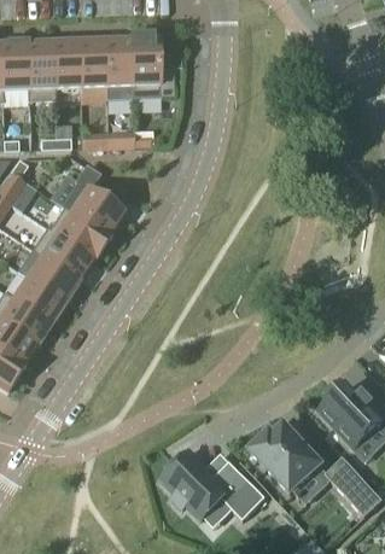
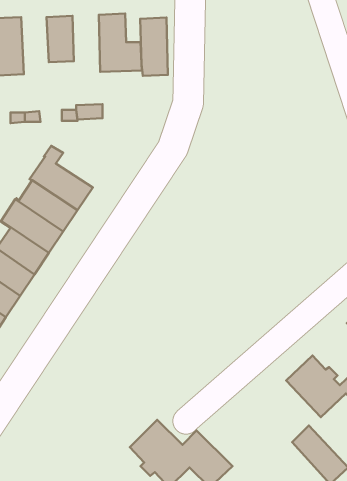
building: [104,40,132,99] -> [140,18,168,76]
building: [52,42,80,100] -> none
building: [251,425,321,492] -> none

